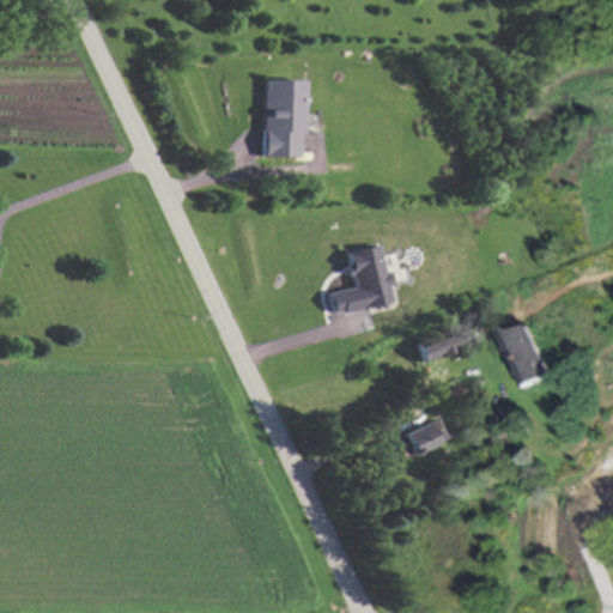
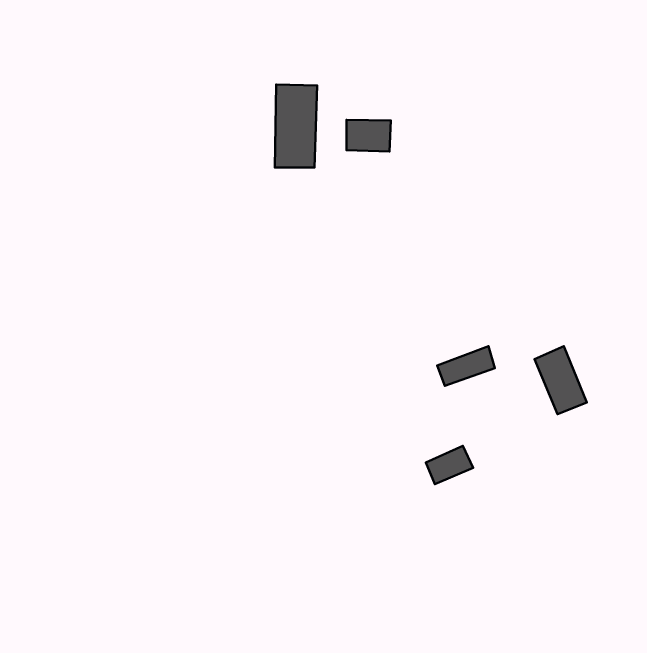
building: none -> [346,120,391,151]
building: [330,244,393,314] -> none

